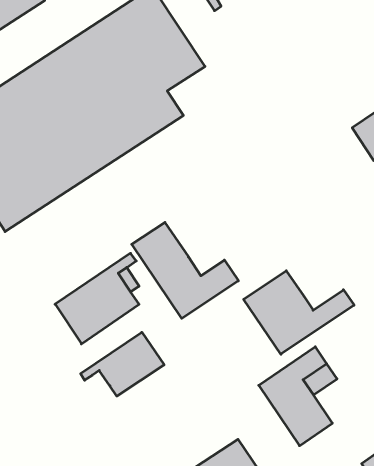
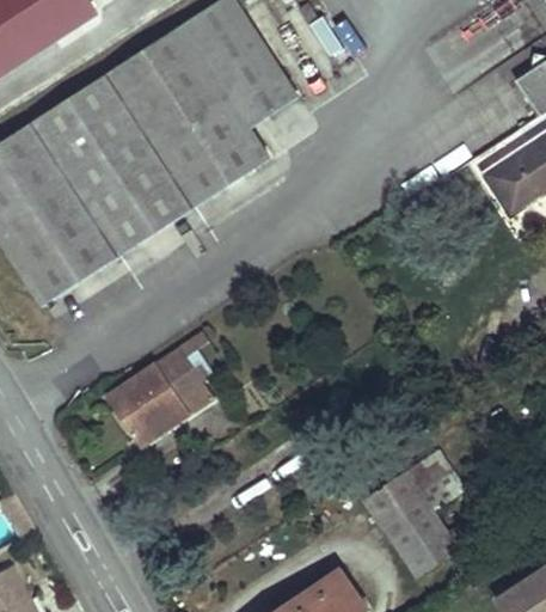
building: [132,222,238,318] -> none
building: [244,271,354,354] -> none
building: [81,332,164,396] -> none

